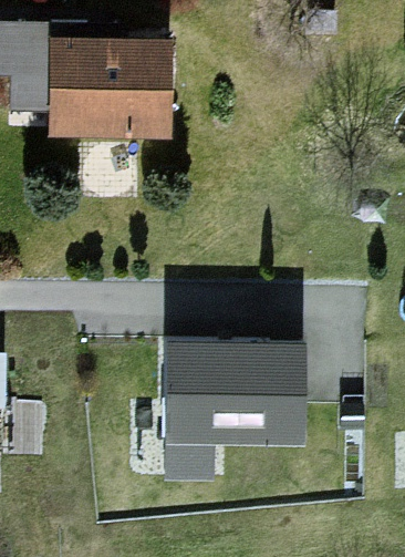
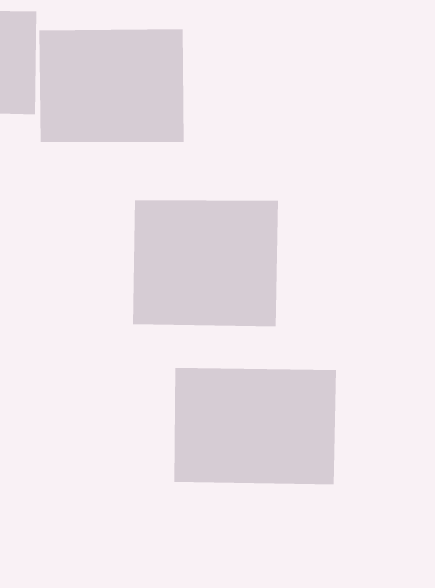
building: none -> [132,199,278,327]

